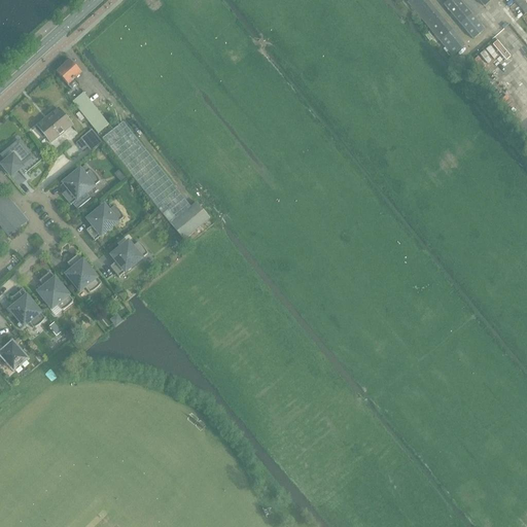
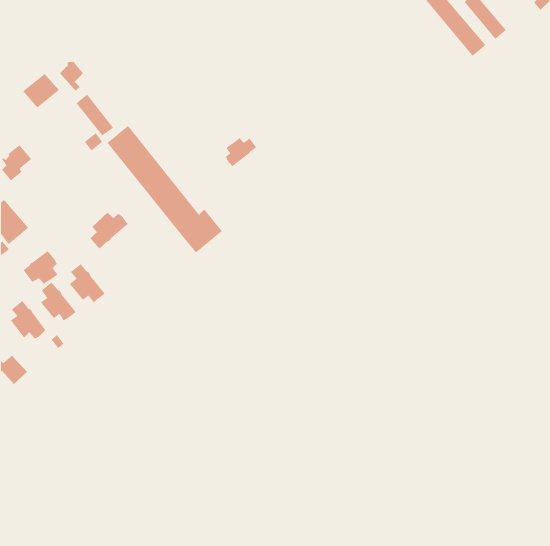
building: [36,106,72,140] -> [22,73,60,108]
building: none -> [225,137,257,167]
building: [62,163,99,207] -> none
building: none -> [22,250,59,285]
building: [110,240,147,275] -> none

